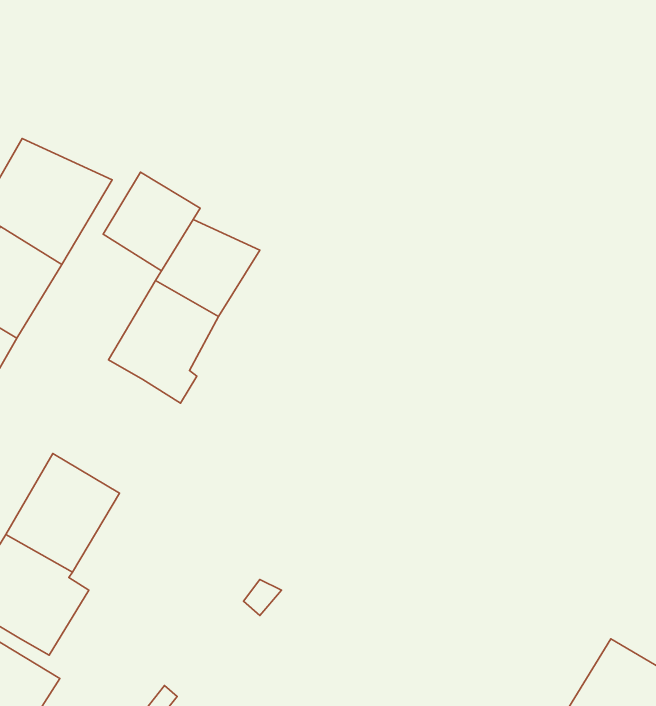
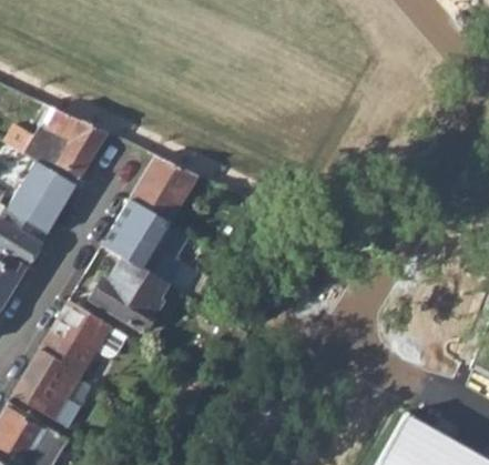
building: [103,172,200,271] -> none
building: none -> [90,256,182,331]

